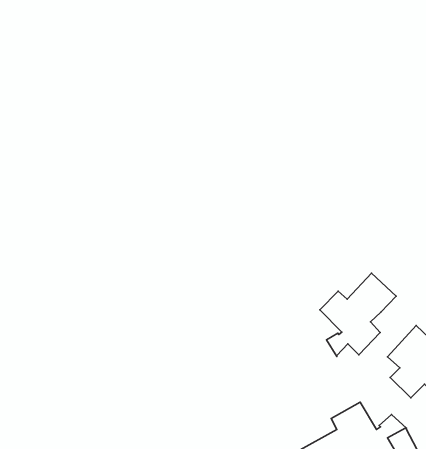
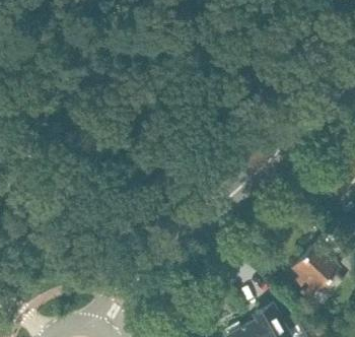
building: [320,273,396,357] -> none

